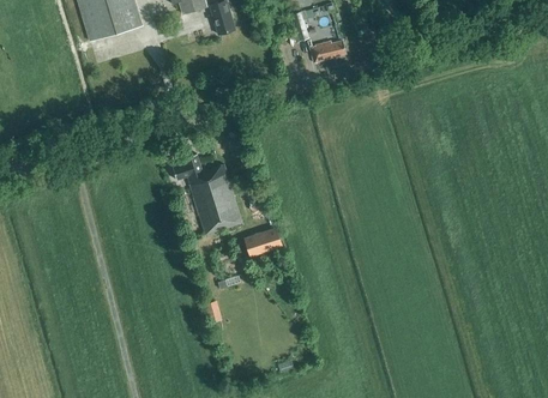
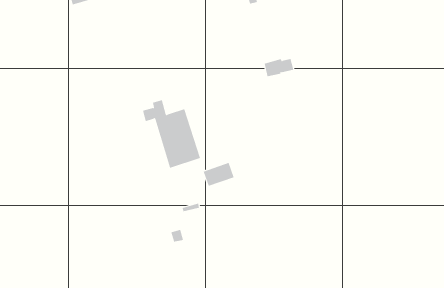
building: [309,41,345,62] -> [264,59,294,77]

